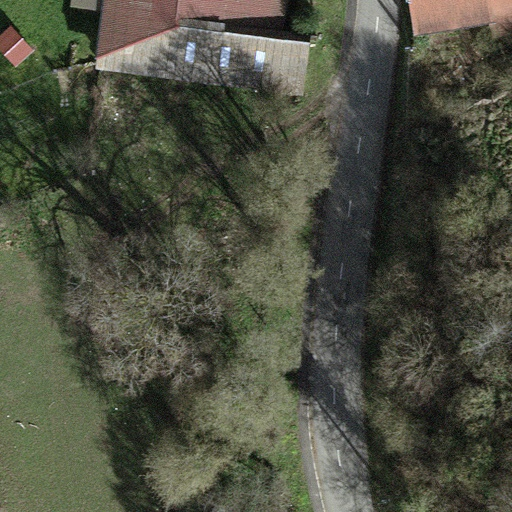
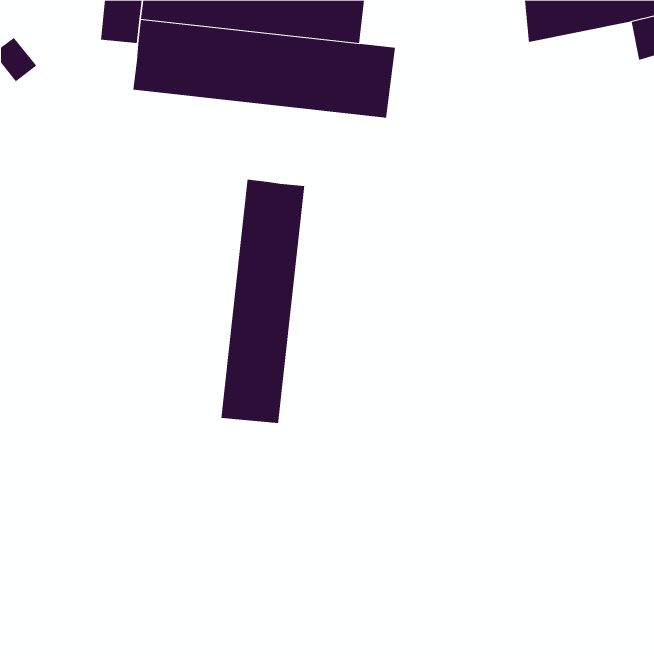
building: none -> [221,179,305,424]

